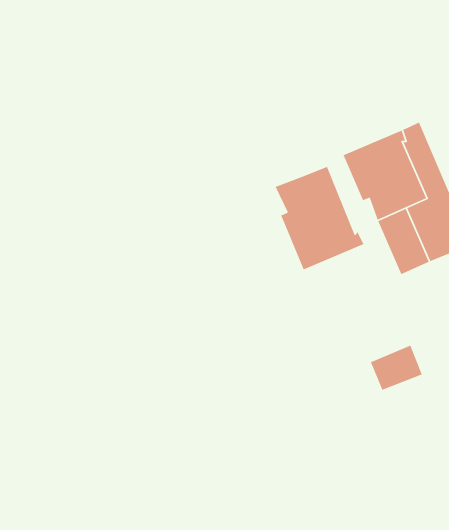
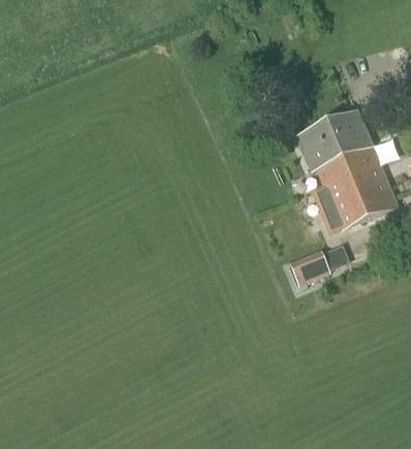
building: [274,166,365,270] -> none
building: [370,344,423,391] -> [289,249,330,285]

